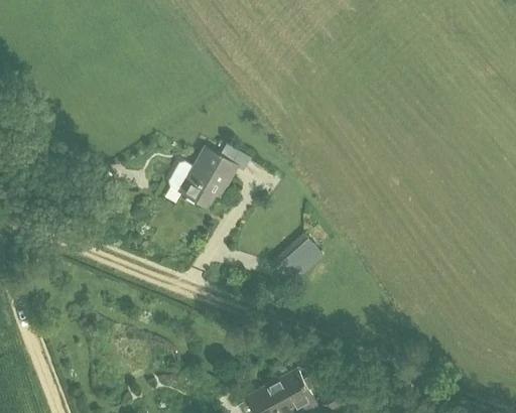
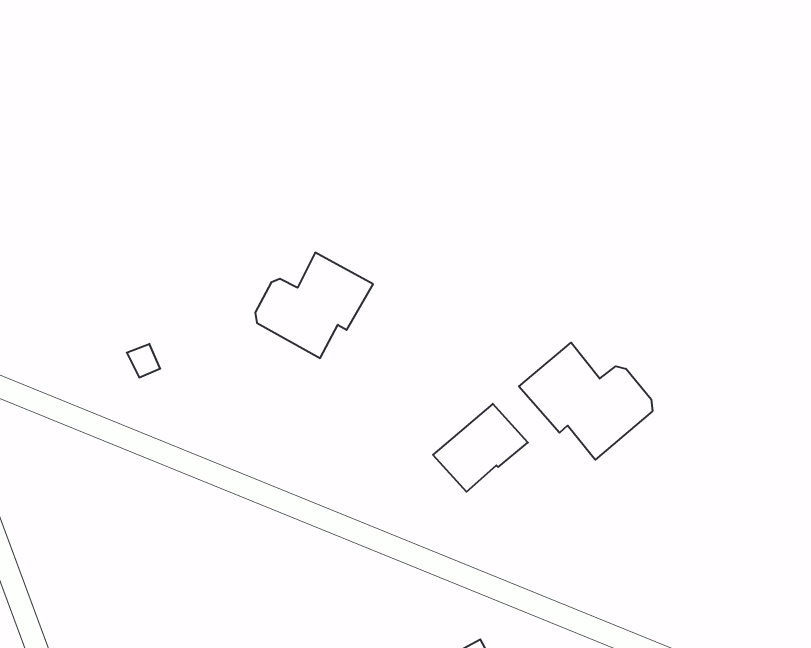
building: none -> [519,343,652,460]

